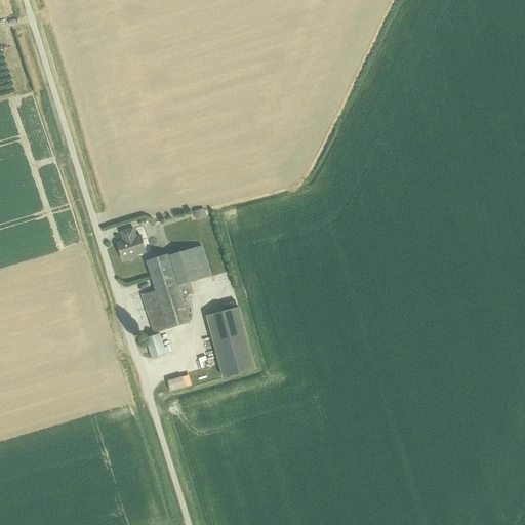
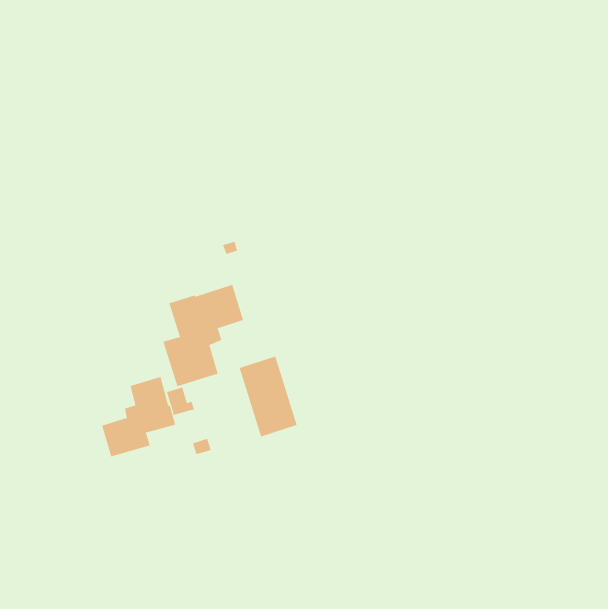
building: [116,227,144,255] -> none
building: none -> [102,376,176,457]

